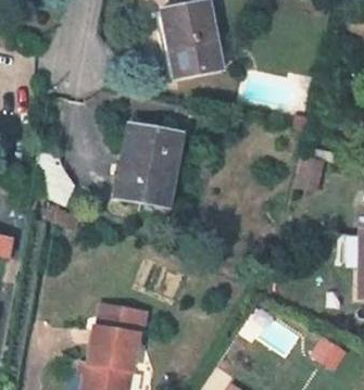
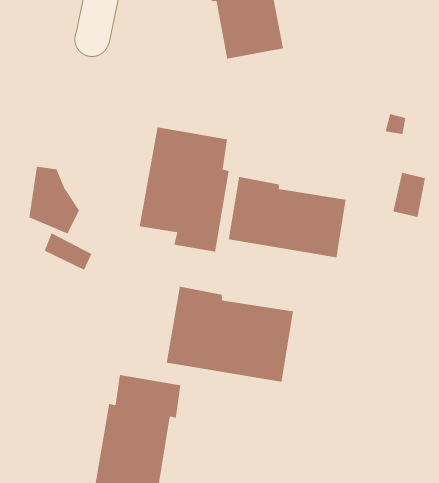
building: none -> [228,176,346,258]
building: none -> [166,286,293,383]

